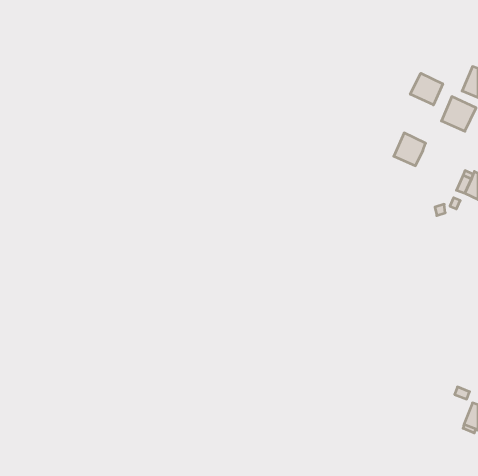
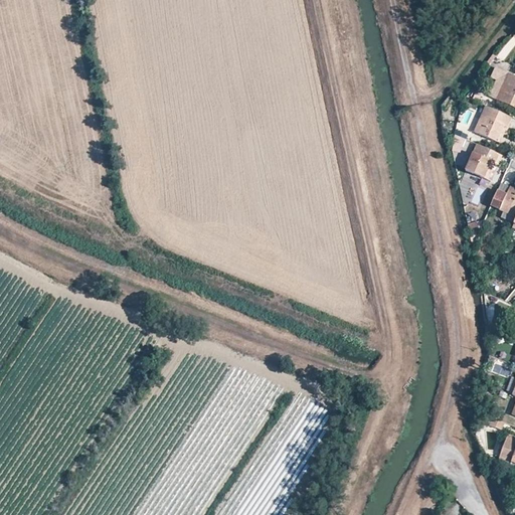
building: [410,73,443,105] -> none
building: [394,133,426,166] -> [465,142,499,177]

